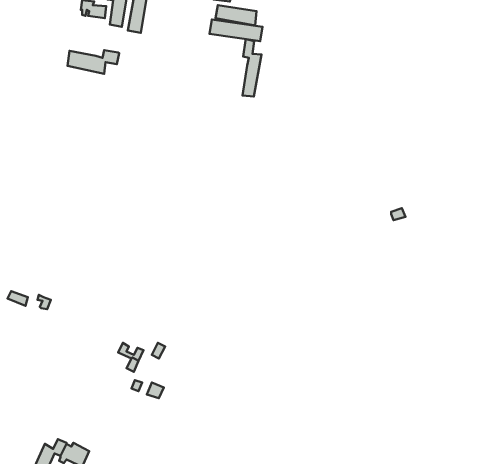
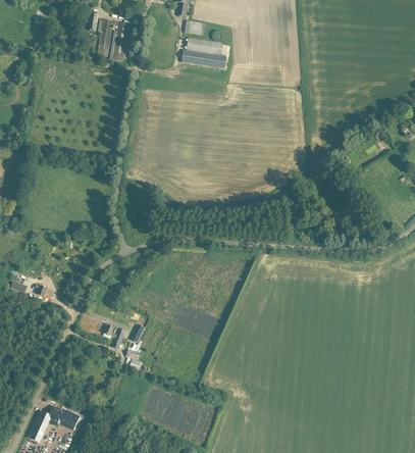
building: [243,39,261,96] -> none
building: [68,50,119,74] -> none

